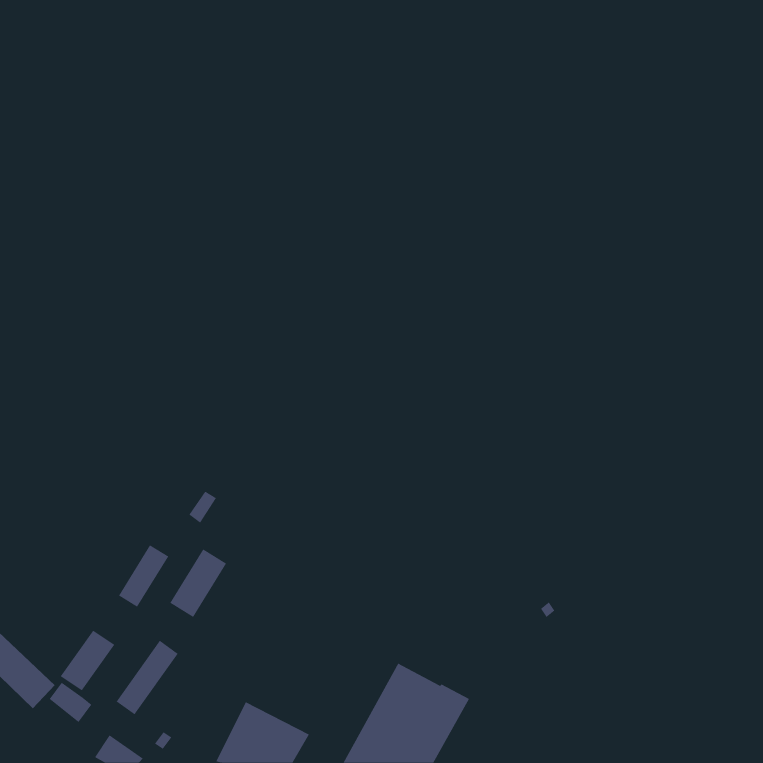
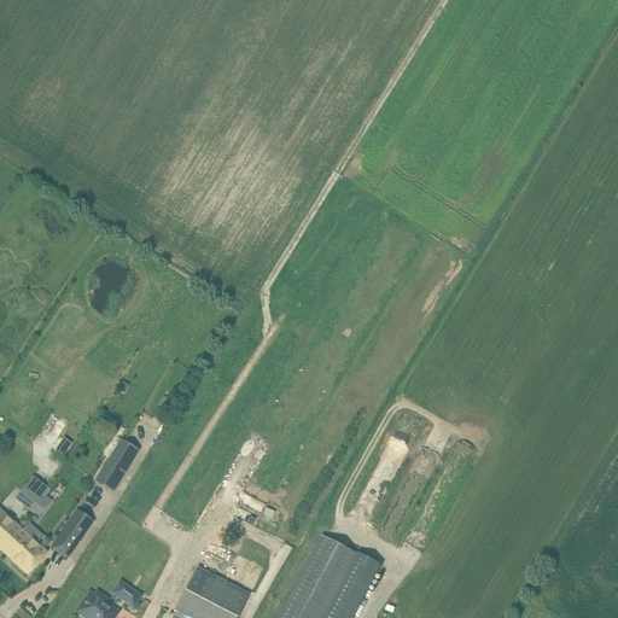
building: [170,549,227,618] -> none
building: [116,640,179,715] -> none
building: [49,681,92,723] -> [13,483,48,517]

